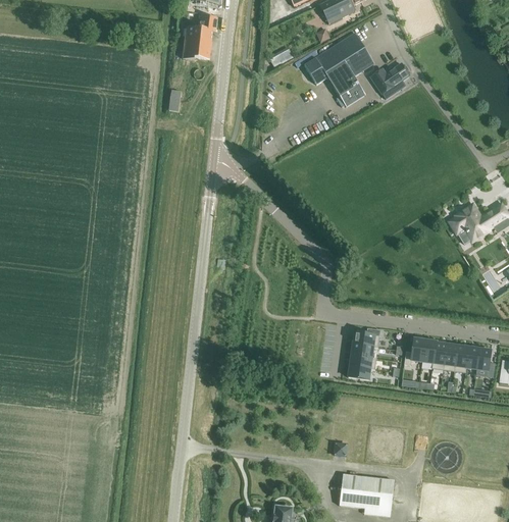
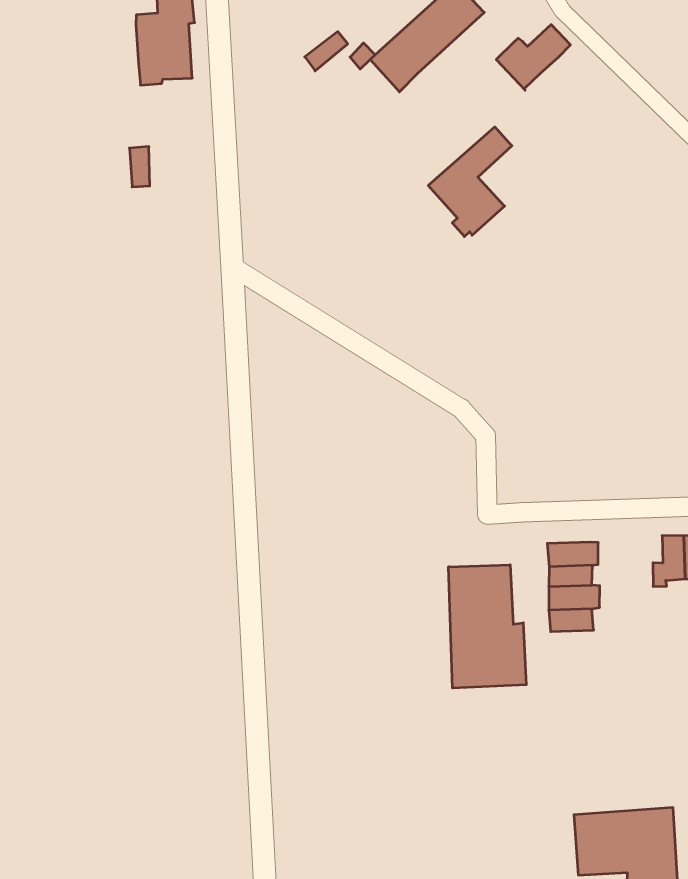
building: [327,52,374,106] -> [428,127,512,237]
building: none -> [449,565,526,688]

